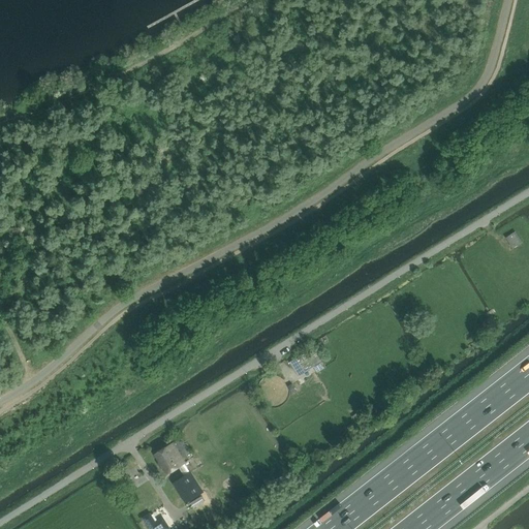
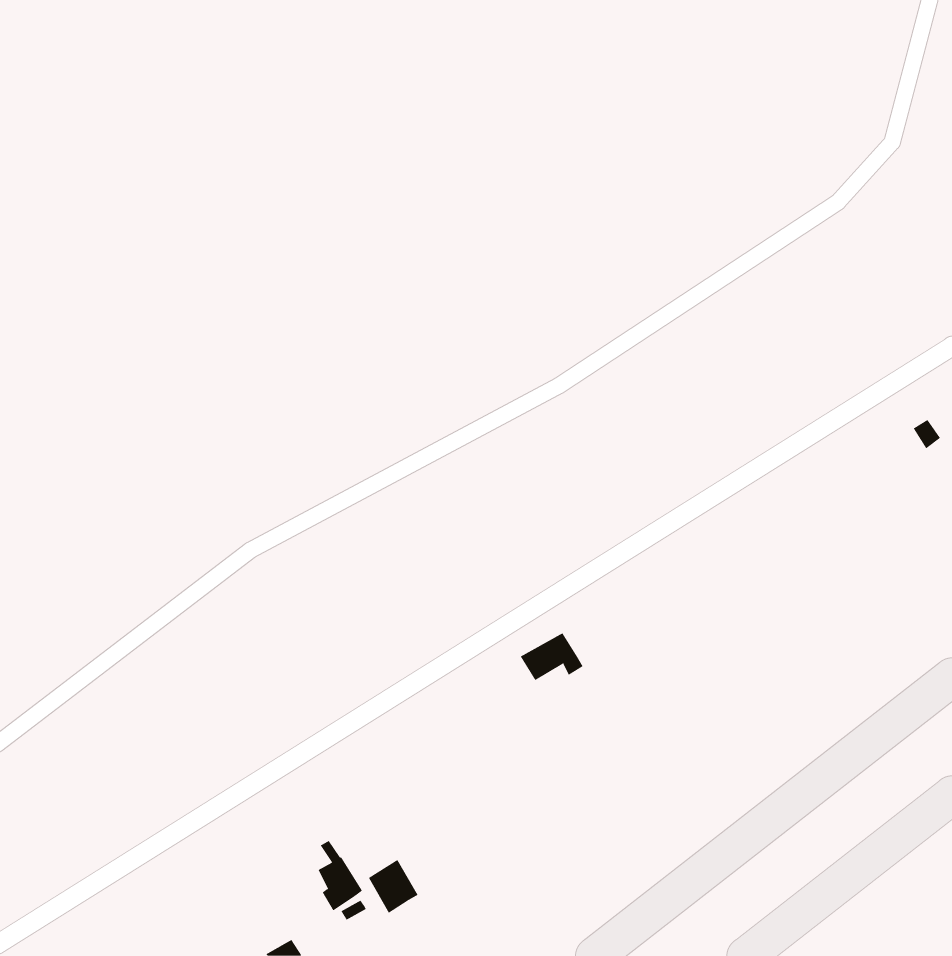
building: [154,444,182,474] -> [368,859,419,913]

